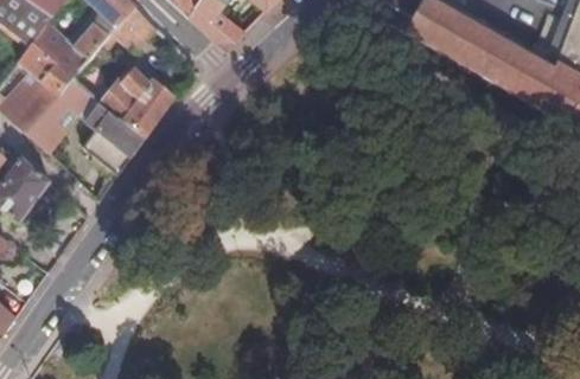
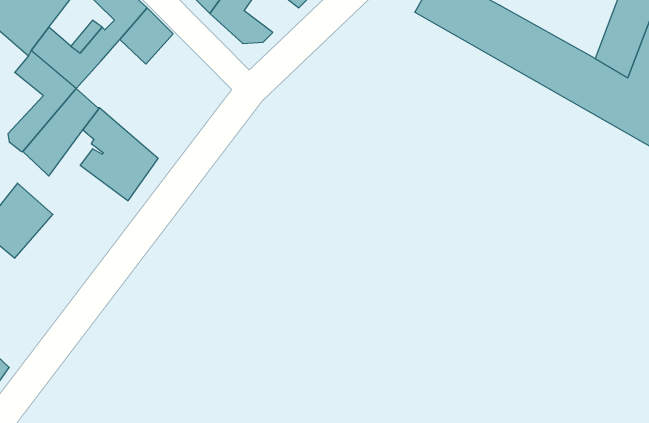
building: [74,54,176,139] -> none

